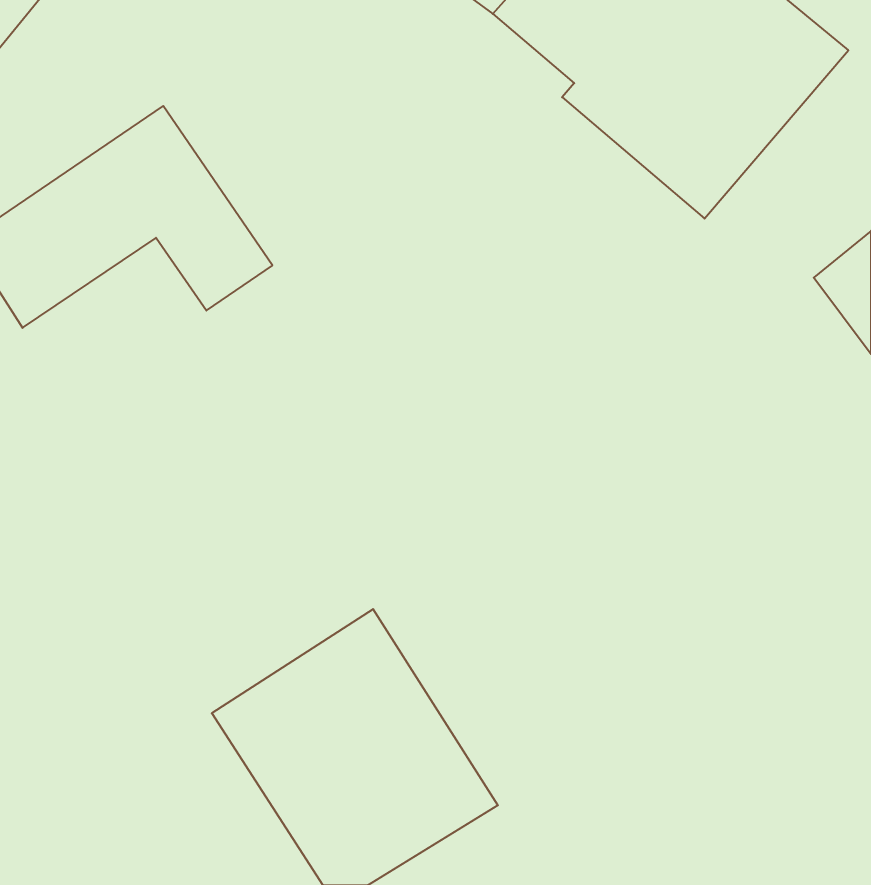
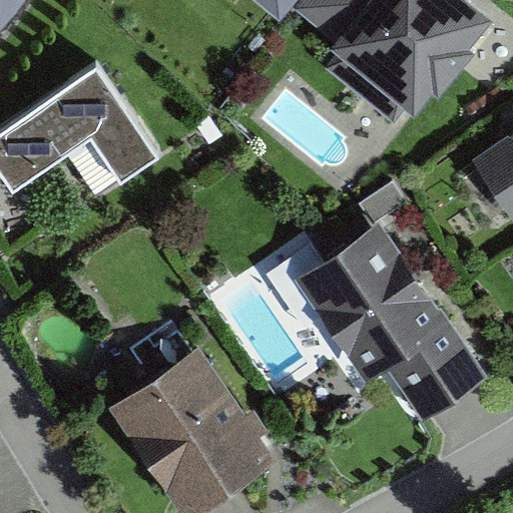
building: none -> [286,222,484,420]

